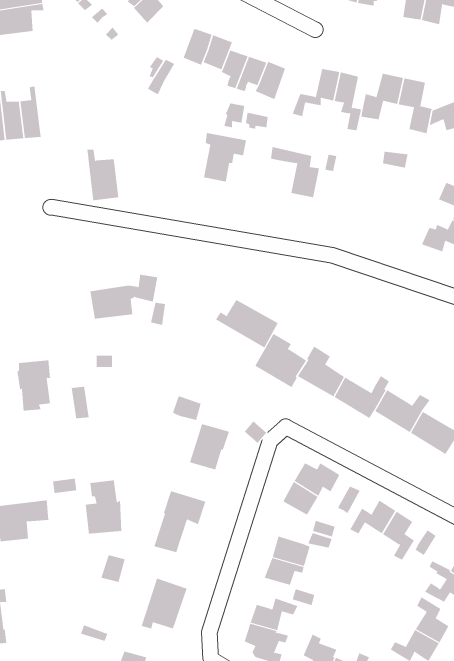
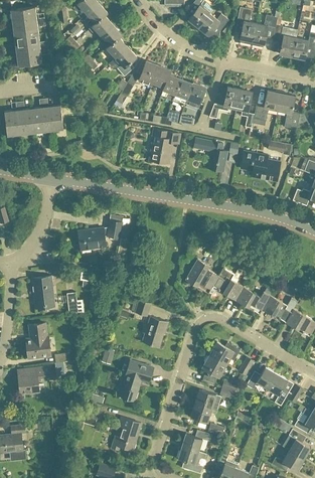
building: none -> [108,47,135,76]
building: [86,149,119,201] -> [42,99,63,132]
building: none -> [241,151,280,182]
building: [215,299,278,349] -> none
building: [85,480,122,534] -> [25,323,49,358]

